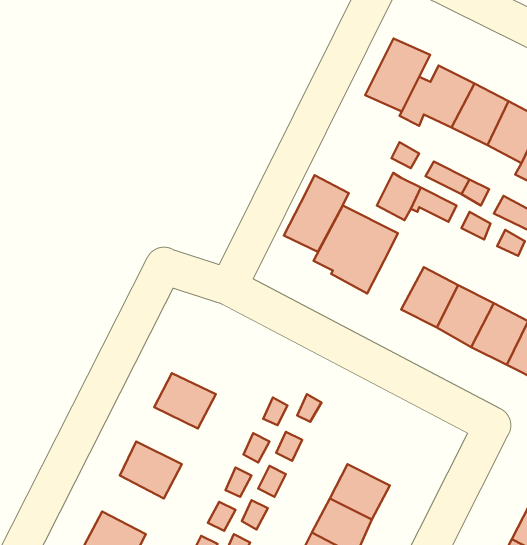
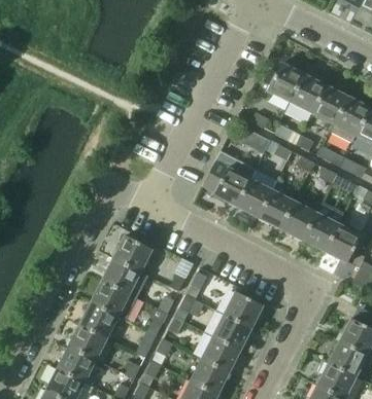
building: [365,38,430,111] -> none
building: [284,175,349,252] -> [236,169,277,217]
building: none -> [112,234,151,270]
building: none -> [90,279,137,319]
building: none -> [224,291,262,328]
building: none -> [68,322,107,359]

